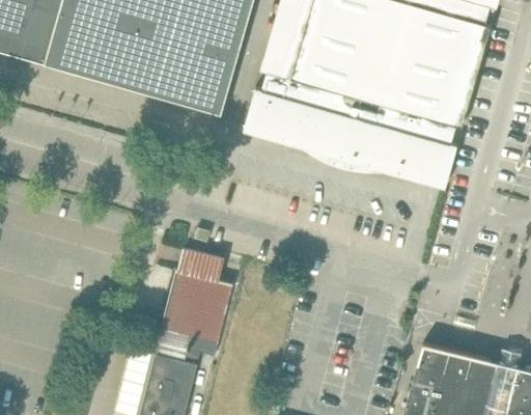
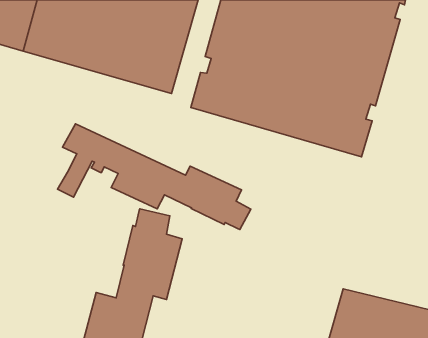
building: none -> [58,124,251,229]

